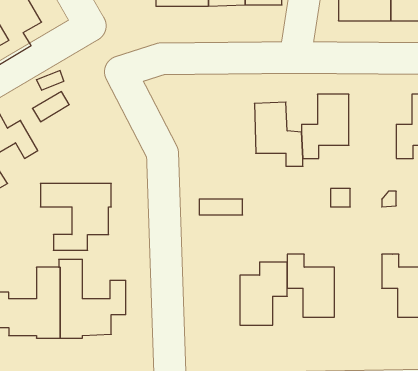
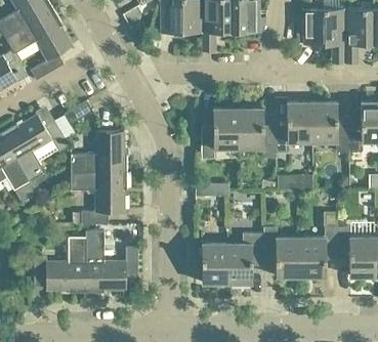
building: none -> [311,102,348,153]
building: none -> [201,110,239,159]
building: none -> [71,132,126,172]
building: none -> [300,227,337,276]
building: none -> [202,244,226,284]

